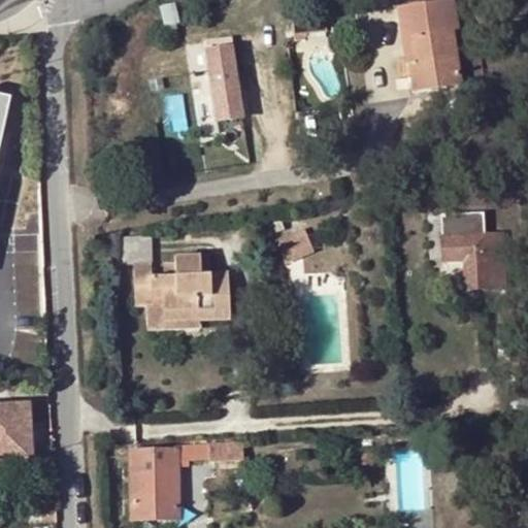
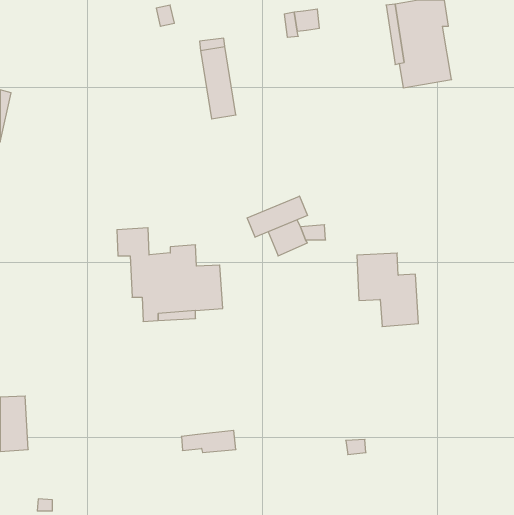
building: none -> [247,196,307,237]
building: [440,212,503,288] -> [357,253,418,327]
building: [130,450,177,520] -> none

